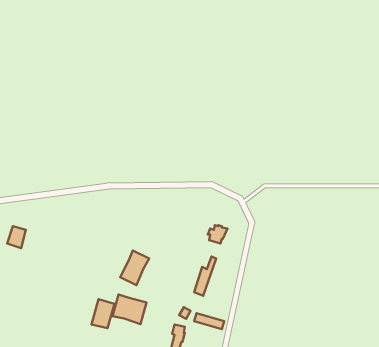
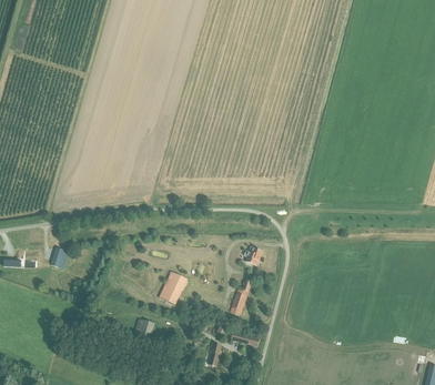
building: [113,294,146,324] -> none

